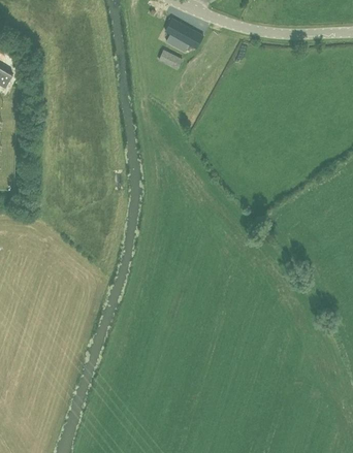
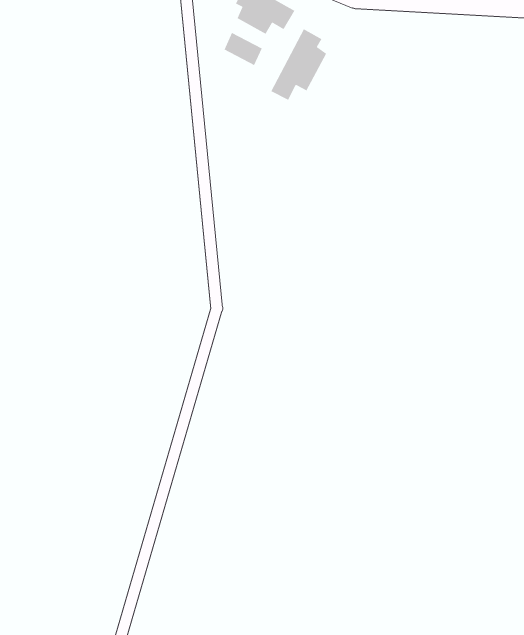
building: none -> [270,28,327,101]

